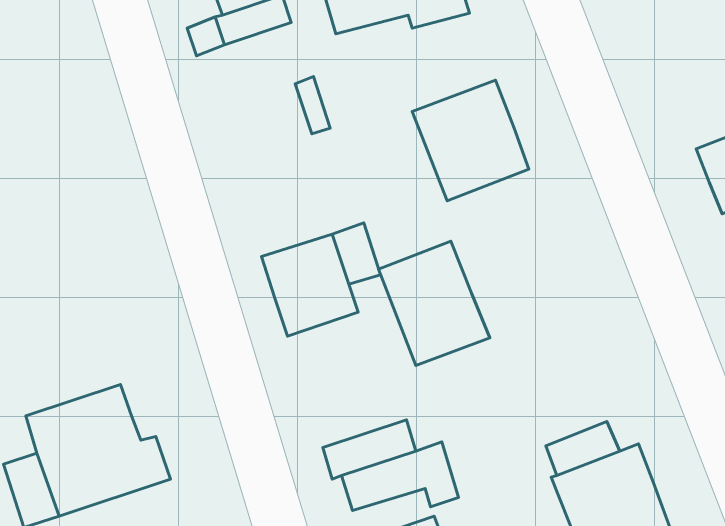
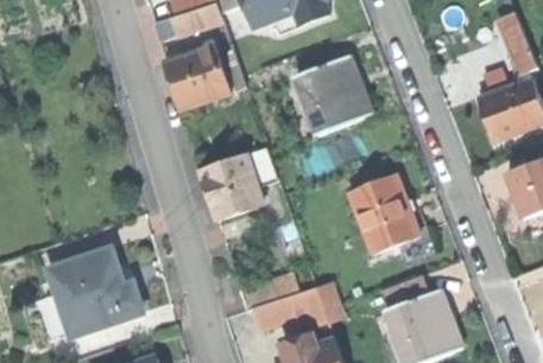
building: none -> [165,47,228,108]
building: [379,241,490,366] -> [349,174,421,254]

